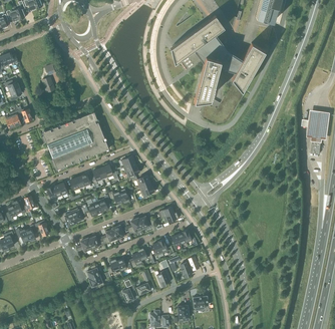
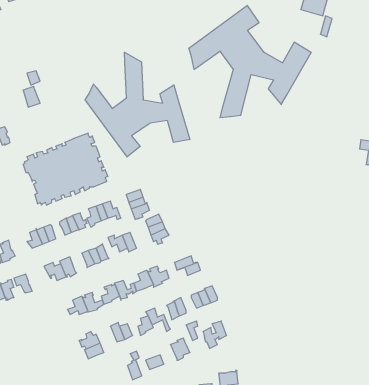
building: none -> [85,52,190,157]

